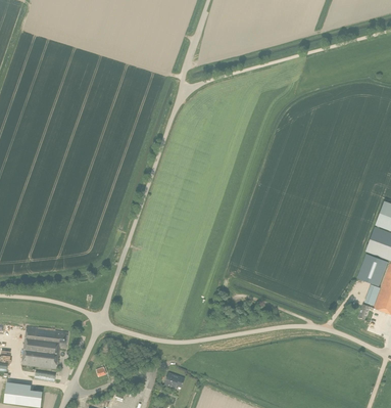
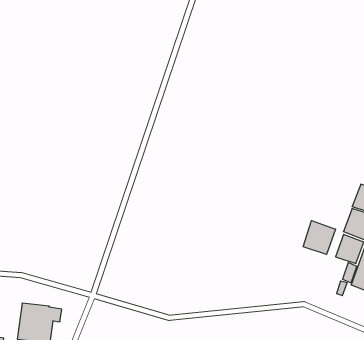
building: none -> [303,221,336,254]

